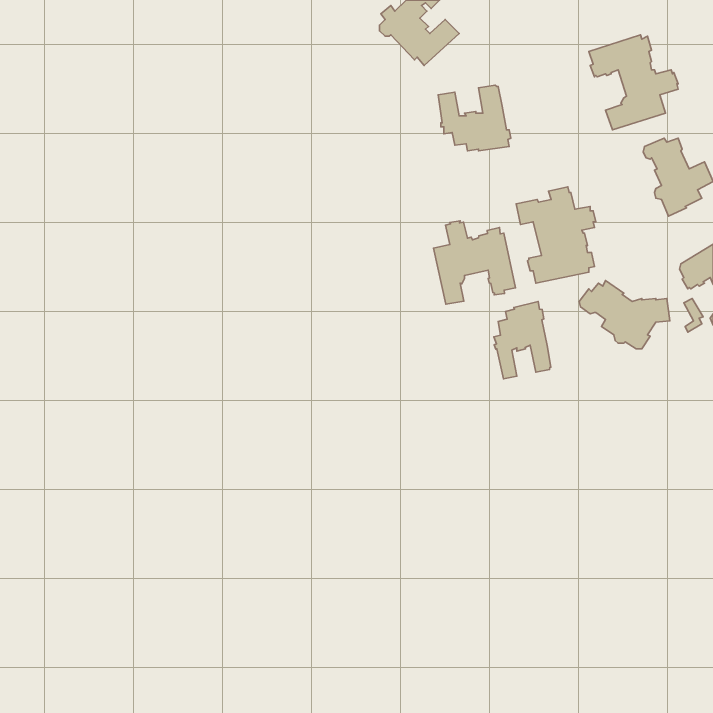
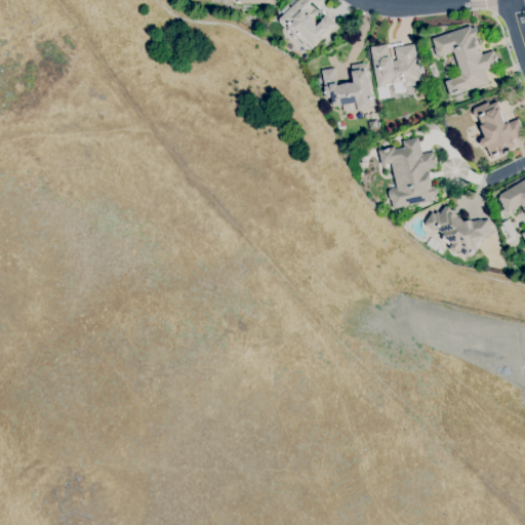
building: none -> [370,44,420,98]
building: [434,221,515,304] -> none
building: [494,301,551,379] -> none

